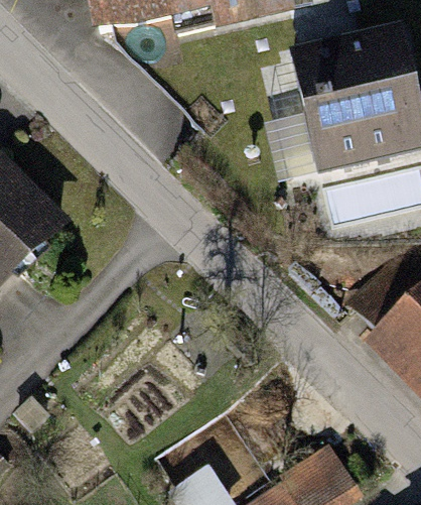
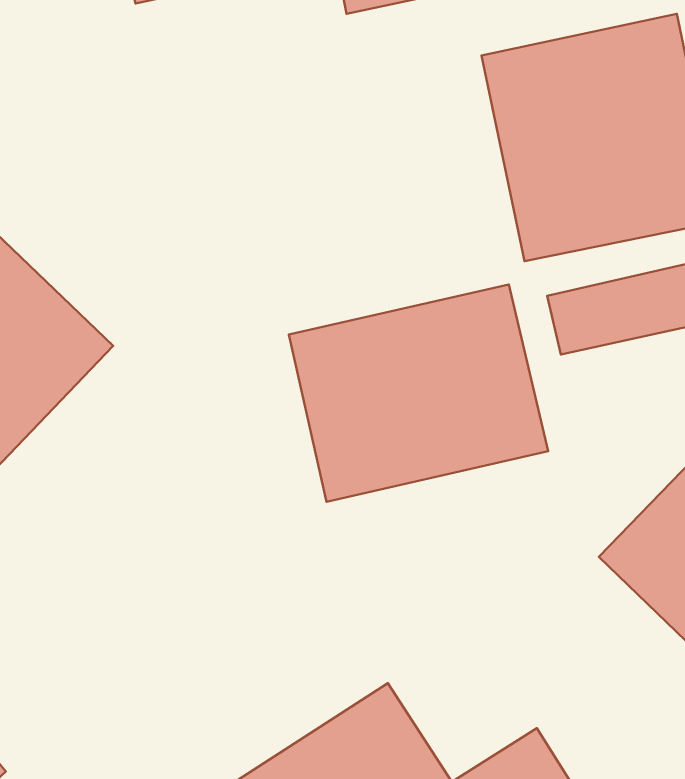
building: none -> [289,284,548,502]

